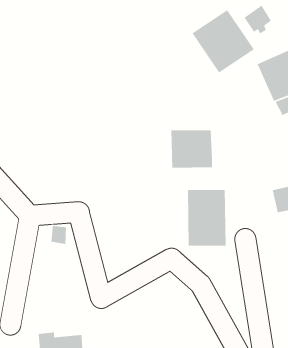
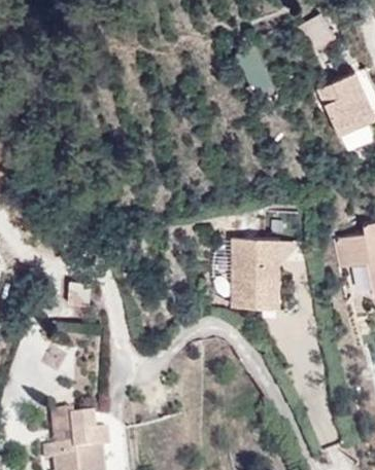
building: [191,9,255,74] -> none
building: [170,129,213,168] -> none

